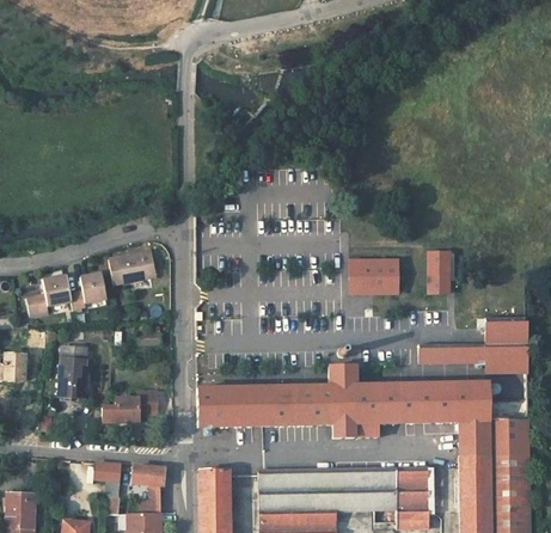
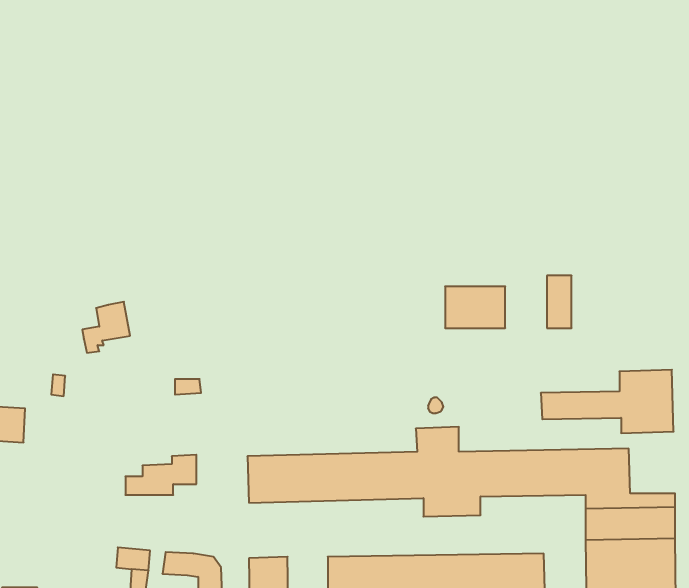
building: [109,250,157,282] -> none
building: [26,275,71,314] -> none
building: [59,345,86,397] -> none

